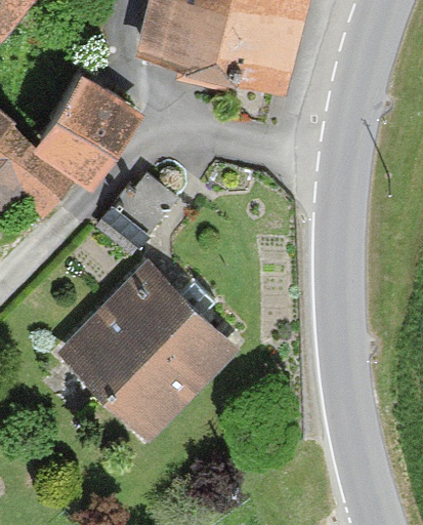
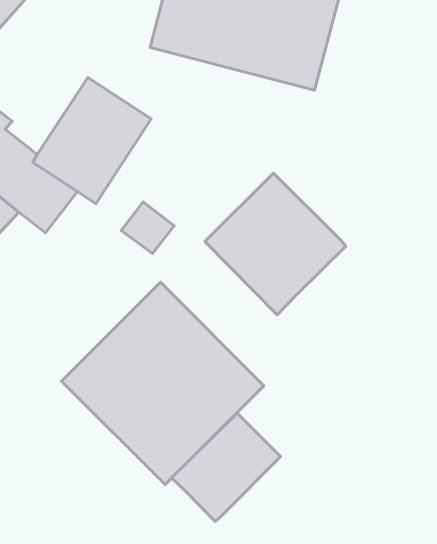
building: none -> [205,173,346,315]
building: none -> [172,413,281,521]

